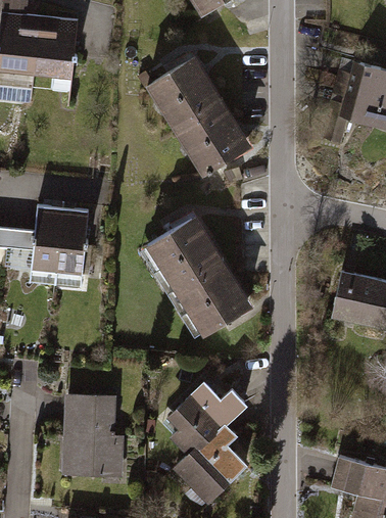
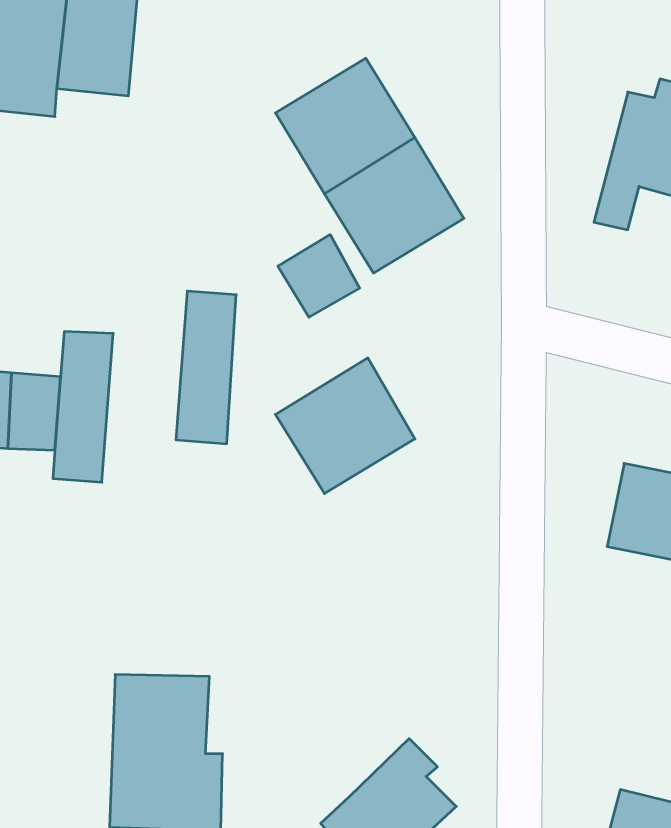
building: none -> [278,235,360,317]
building: [56,205,89,288] -> [176,291,236,444]
building: [177,263,252,335] -> none
building: [157,380,245,457] -> none

